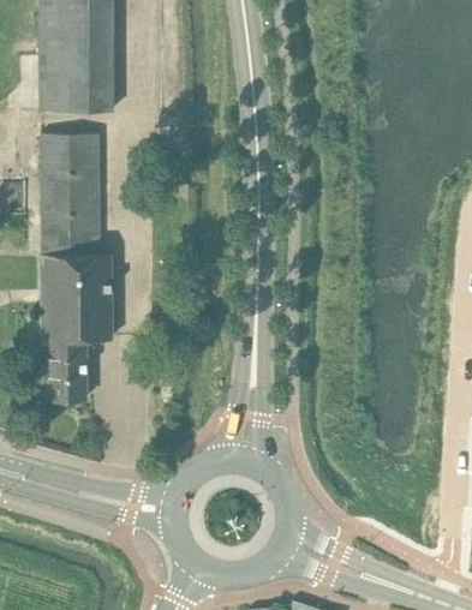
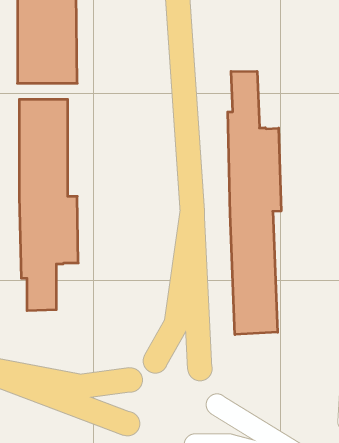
building: none -> [228,71,281,335]

